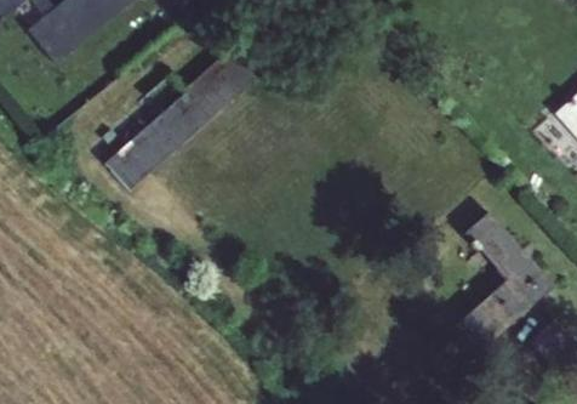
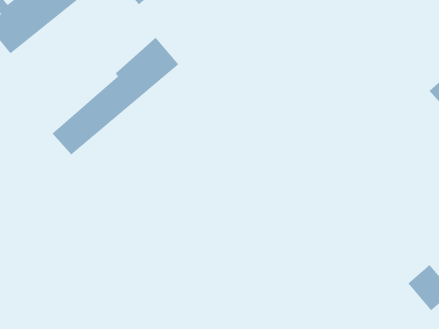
building: [455,207,554,352] -> none

